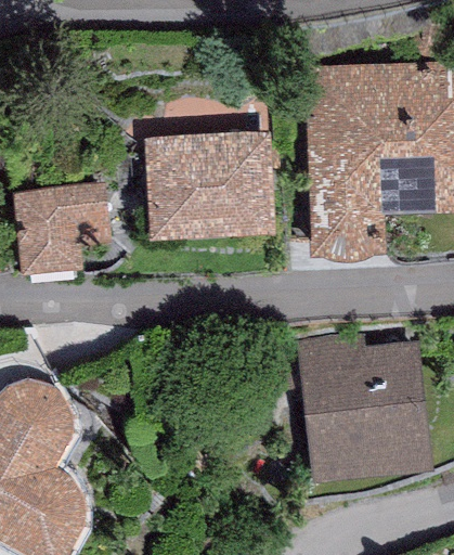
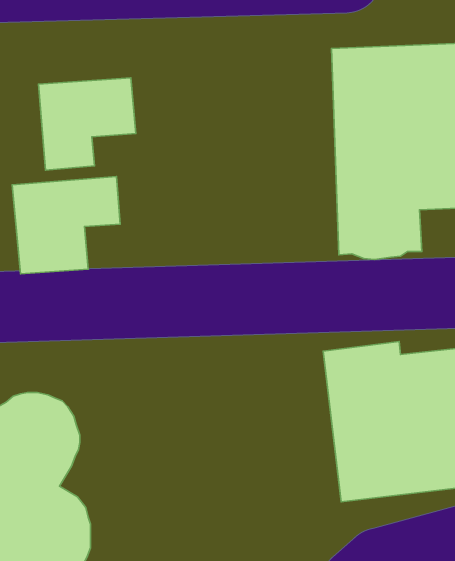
building: none -> [39,78,136,170]
building: [144,130,275,236] -> none

